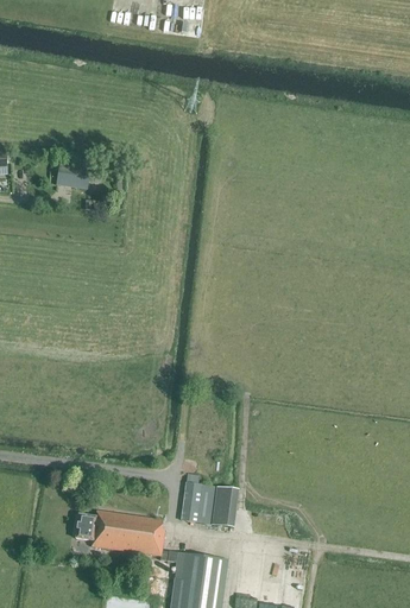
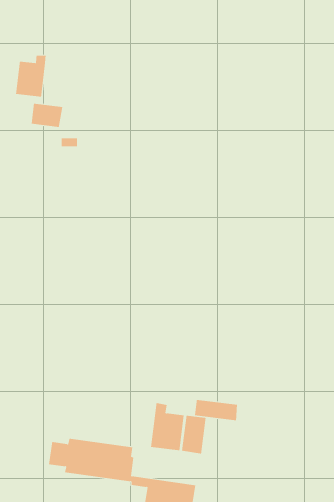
building: none -> [16,55,46,98]
building: none -> [194,399,238,421]

